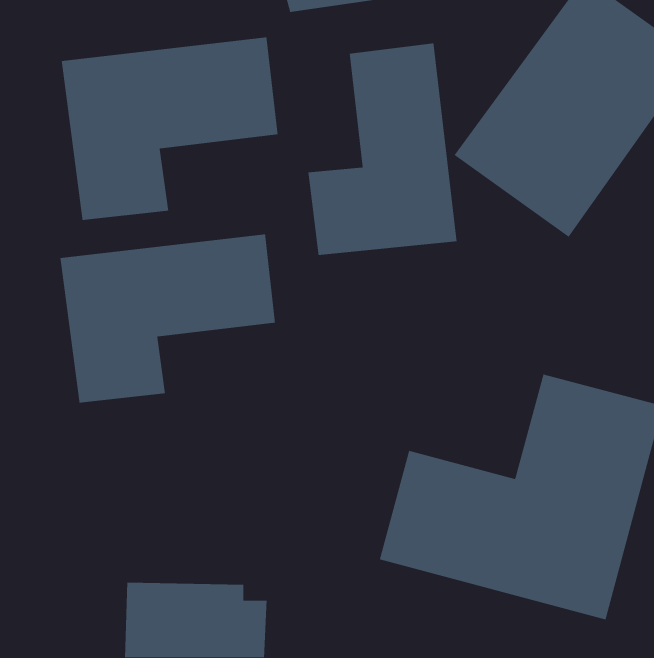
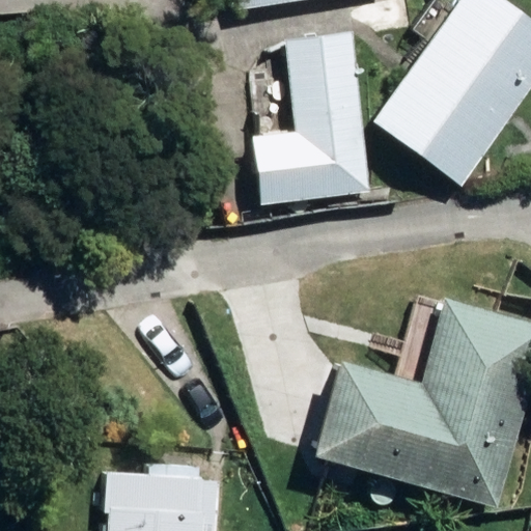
building: [61,37,278,221] -> none
building: [60,233,276,404] -> none

